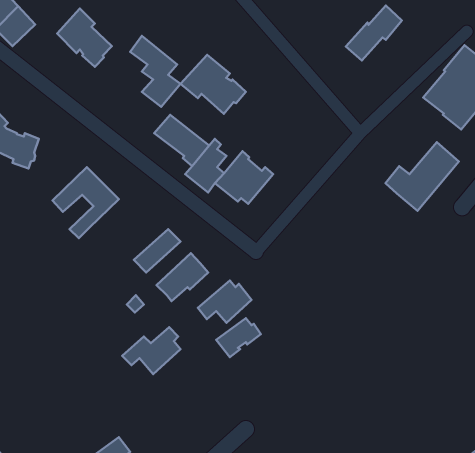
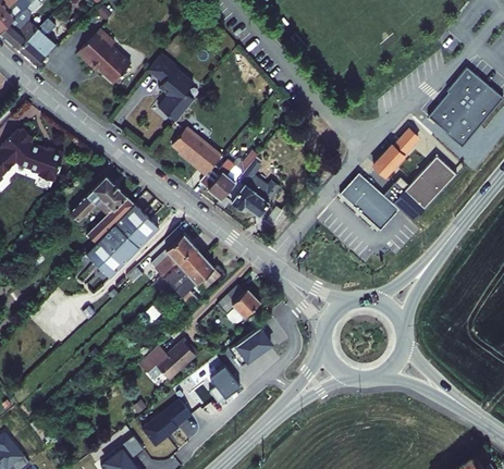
building: [346,5,402,60] -> [370,124,423,176]
building: [181,55,246,114] -> none
building: none -> [339,170,401,229]
building: none -> [87,211,160,282]
building: none -> [162,251,205,293]
building: none -> [207,362,237,398]
building: none -> [142,395,192,442]

